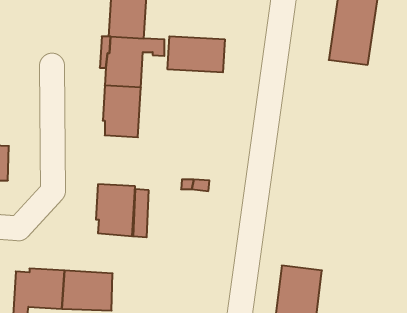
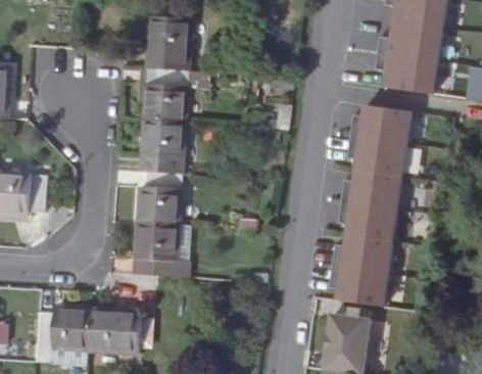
building: [168,36,225,72] -> none
building: none -> [339,108,400,301]
building: none -> [138,170,180,223]

